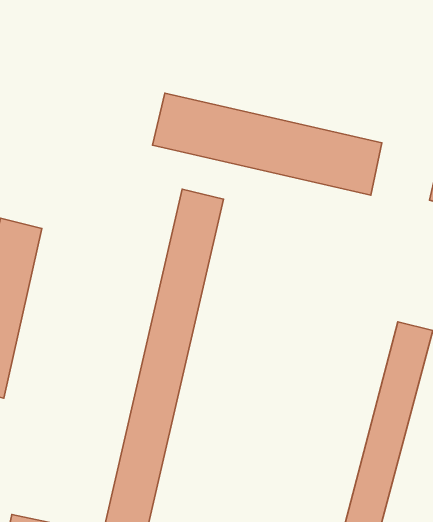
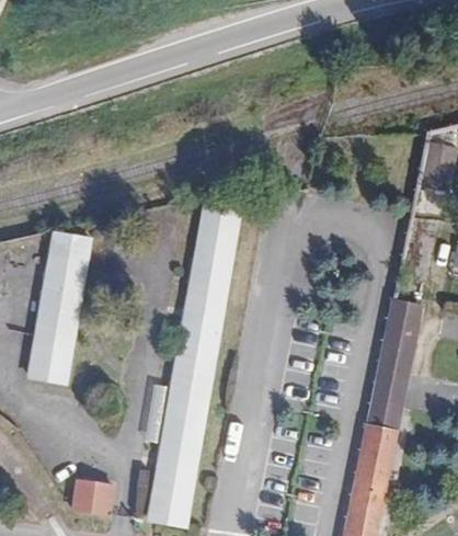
building: [152,93,382,195] -> none

